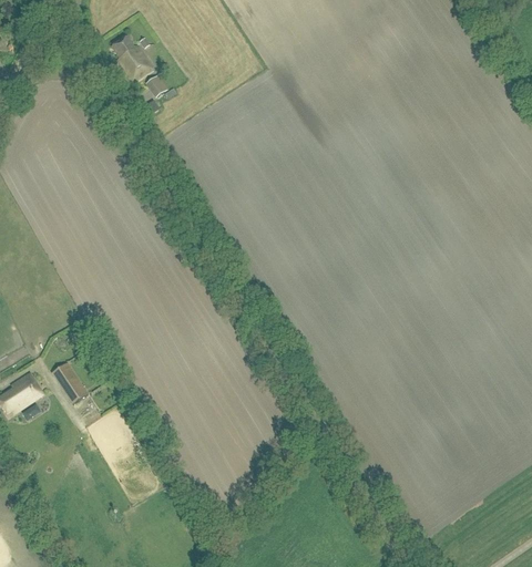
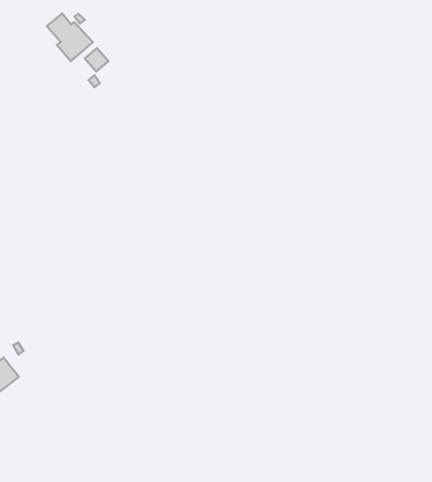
building: [51,361,89,403] -> none

